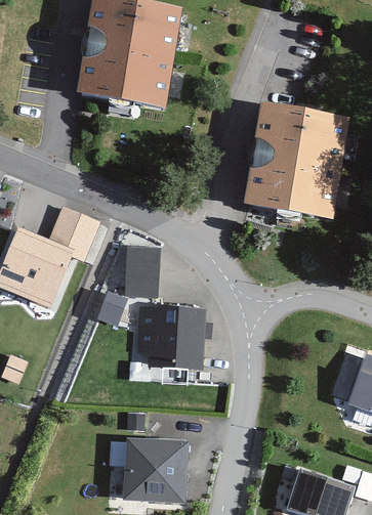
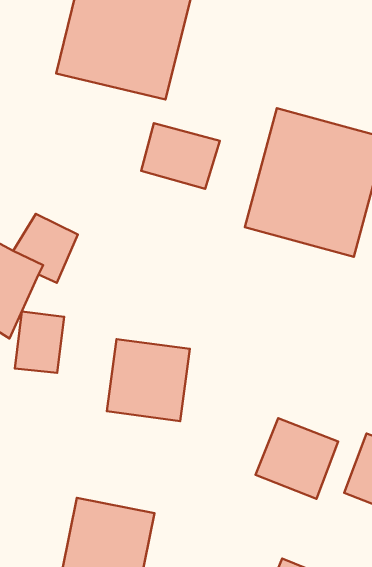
building: none -> [141,123,220,189]
building: [129,248,165,295] -> [15,311,64,373]
building: none -> [256,418,338,499]

